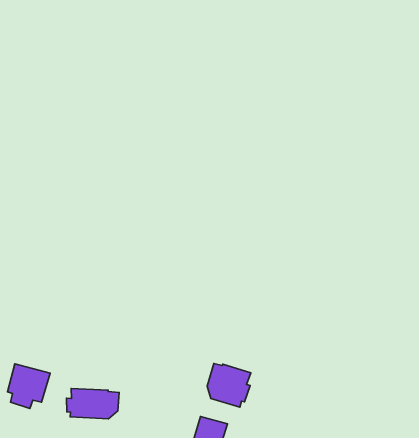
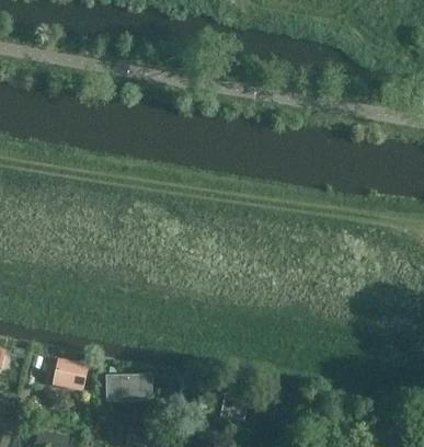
building: [207,363,251,407] -> none

